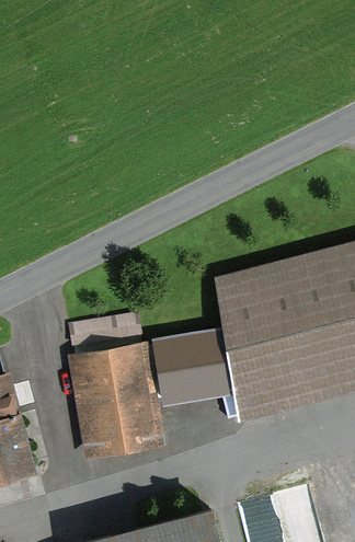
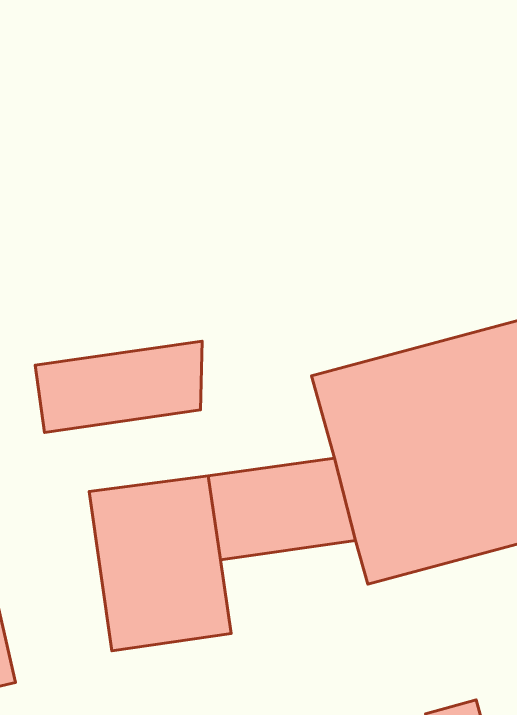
building: none -> [35,341,202,432]

